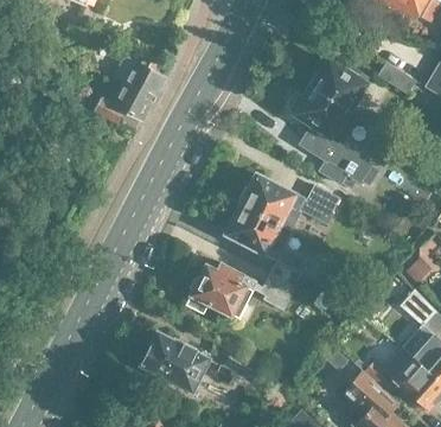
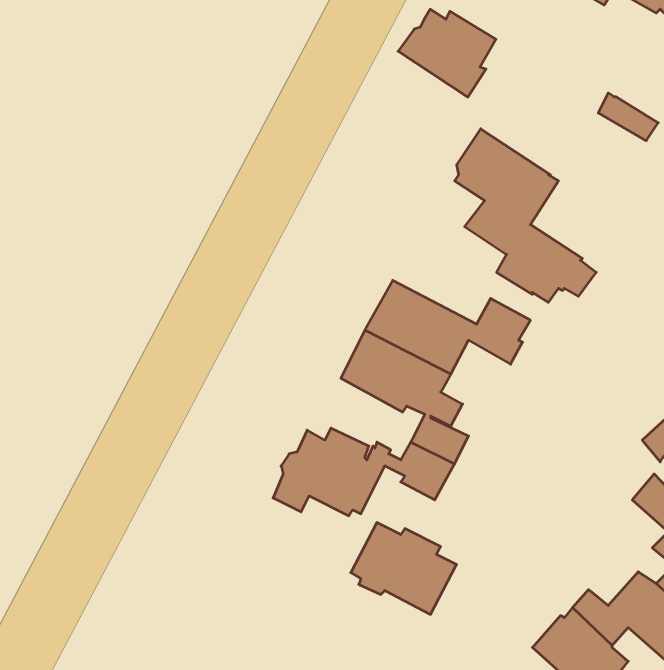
building: [95,57,164,123] -> none
building: [308,60,366,113] -> [398,9,496,97]
building: [141,334,204,389] -> [351,523,457,614]

